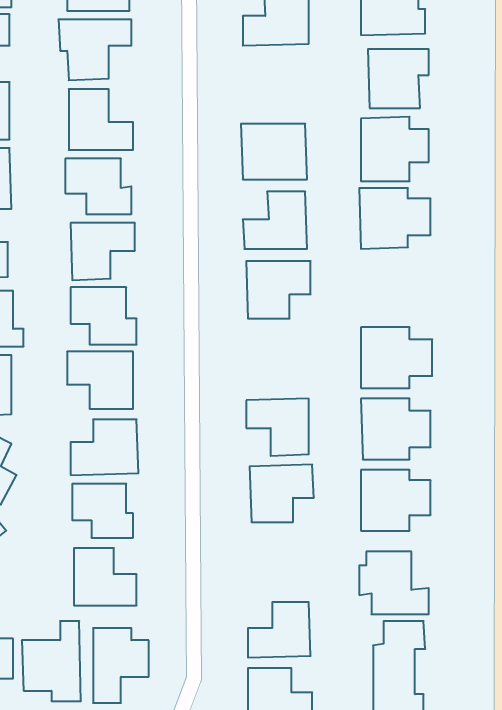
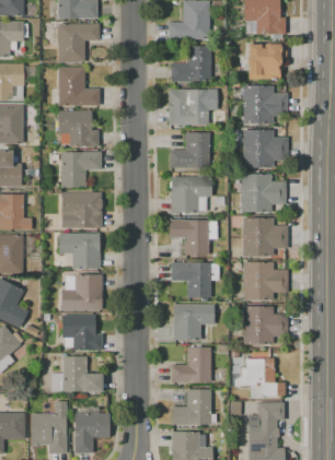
building: none -> [170,46,210,82]
building: none -> [241,174,285,211]
building: none -> [170,220,208,255]
building: none -> [171,347,210,382]

